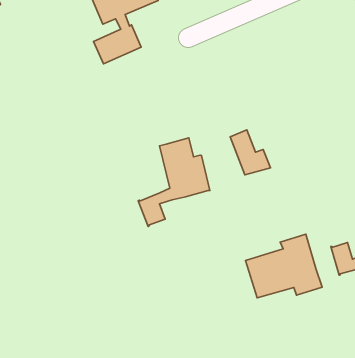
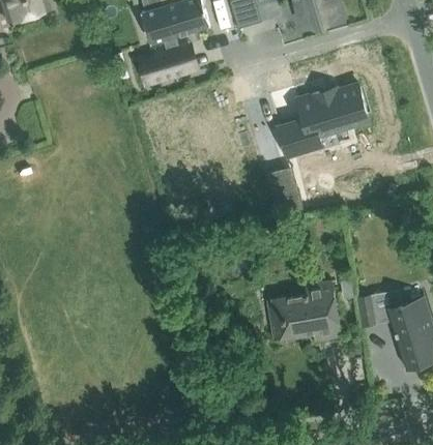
building: none -> [279,84,369,156]
building: [138,138,210,226] -> none

